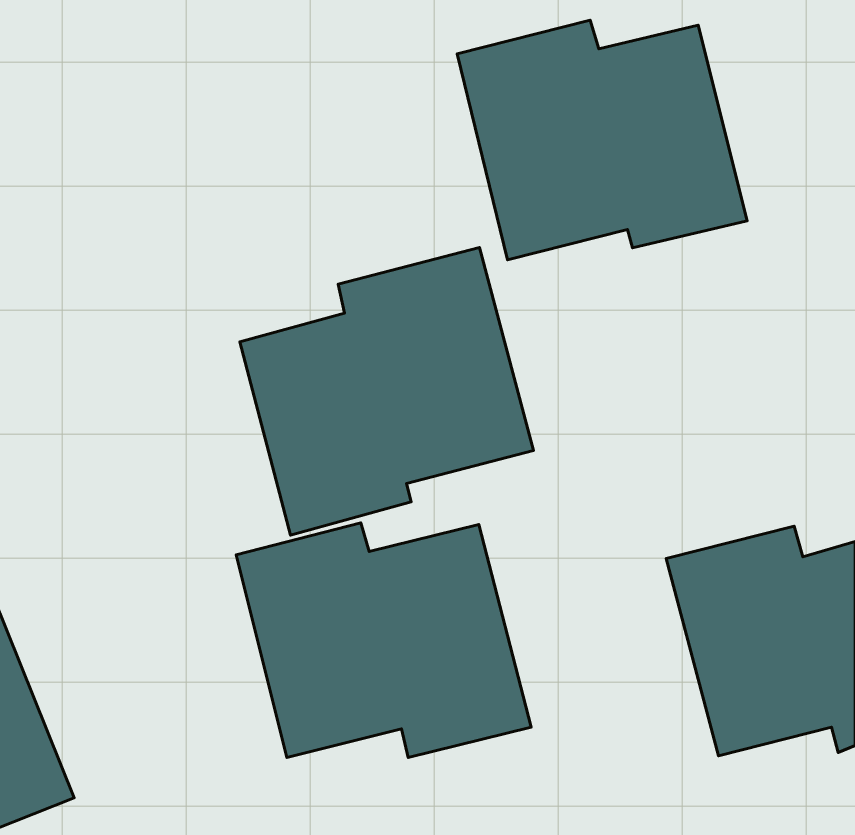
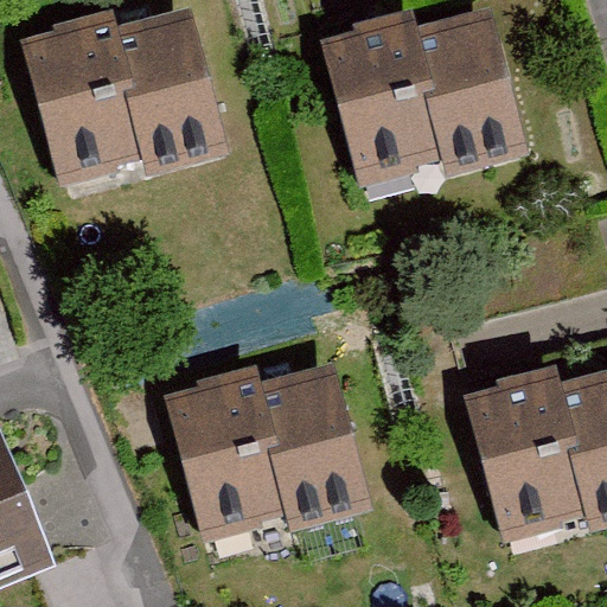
building: none -> [18,9,224,174]
building: [240,247,534,535] -> none

